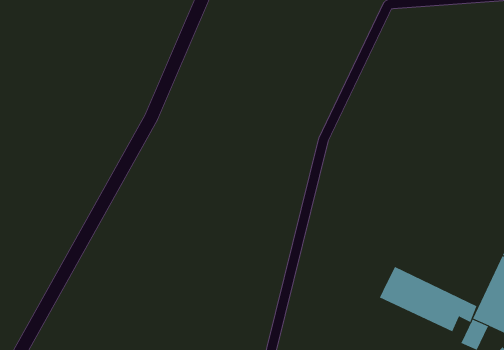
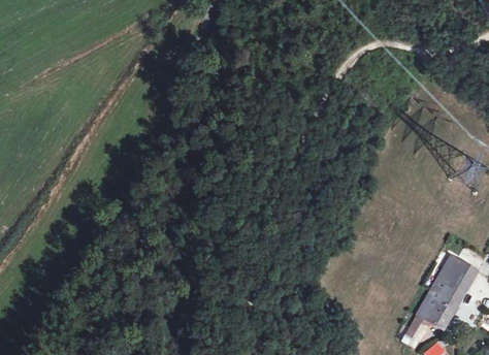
building: [379,266,477,332] -> none

